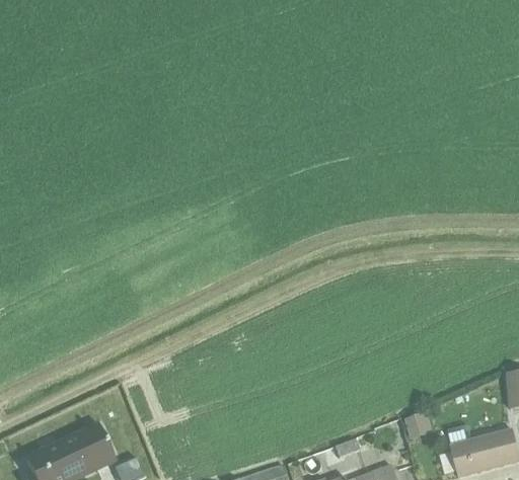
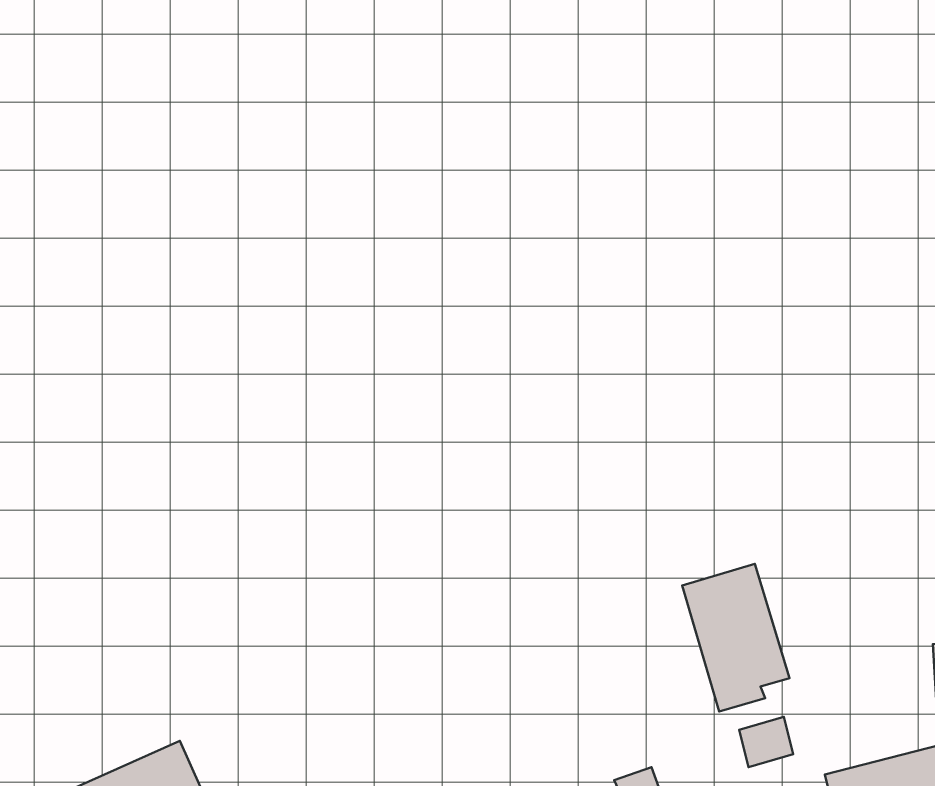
building: none -> [682,564,790,712]

